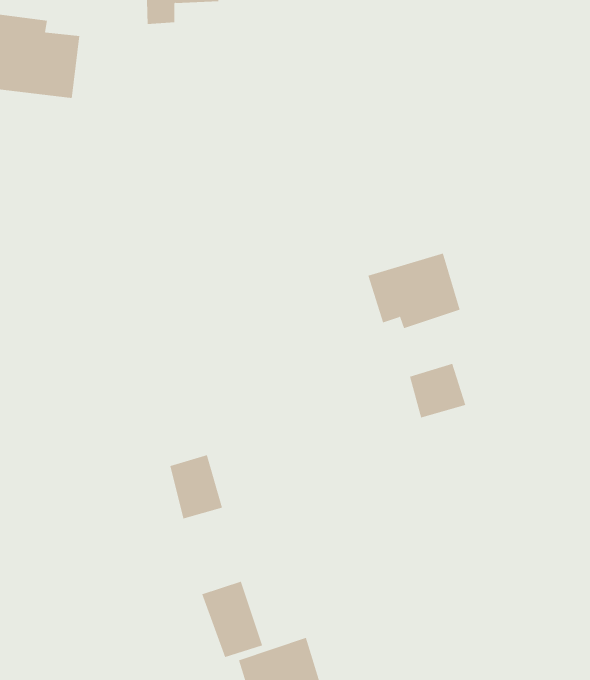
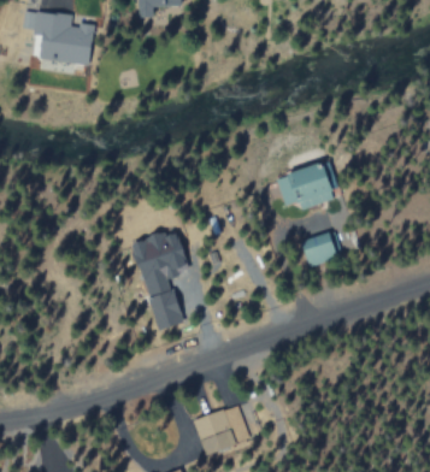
building: none -> [130,231,192,294]
building: [201,581,263,658] -> none

